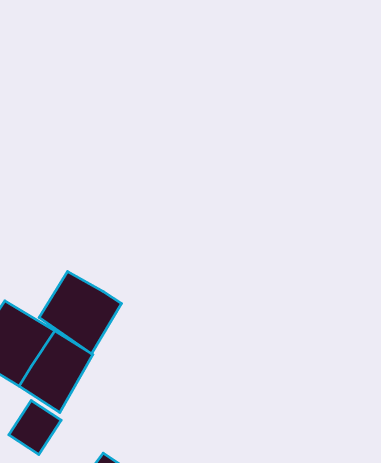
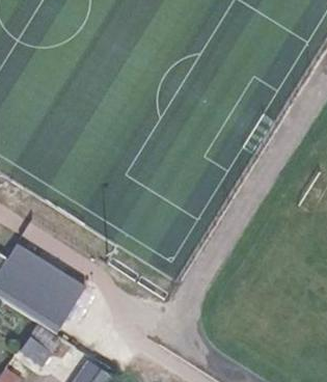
building: [39,271,122,354] -> none

